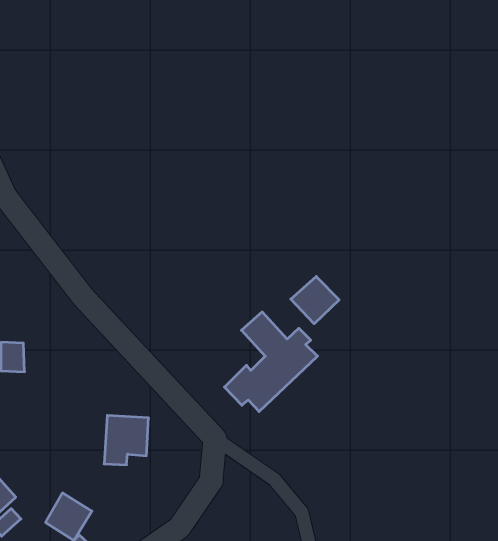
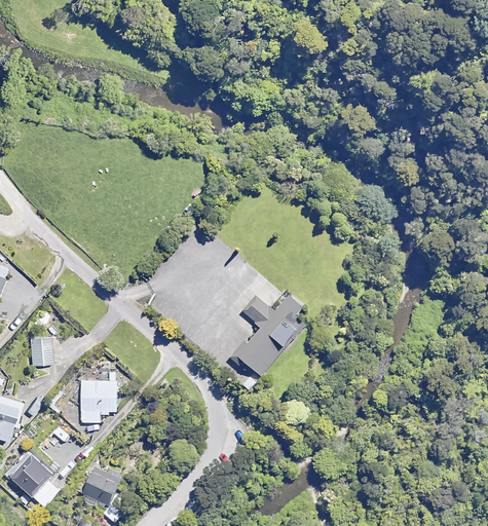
building: [291,276,339,324] -> none
building: [104,415,149,465] -> [80,379,117,422]

